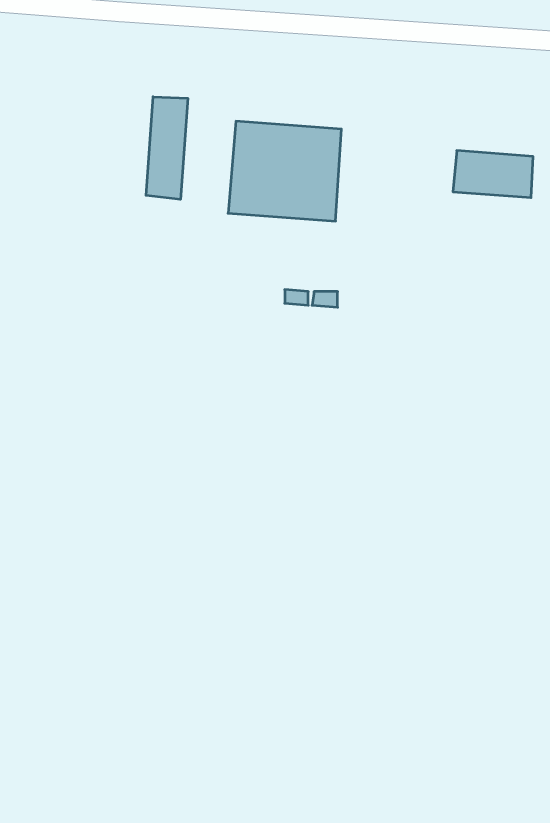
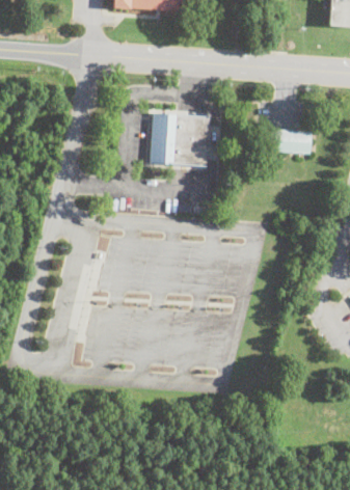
building: [146,97,188,199] -> none

